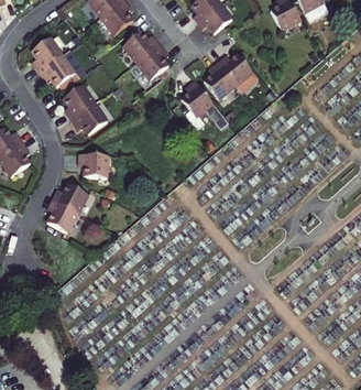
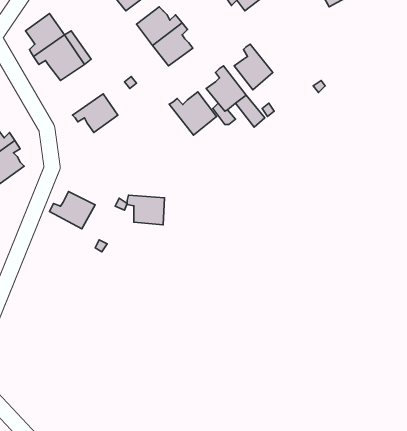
building: [217,53,258,94] -> none
building: [63,85,96,120] -> none
building: none -> [169,92,217,135]
building: [78,153,109,177] -> [127,195,165,225]
building: [47,199,78,232] -> none

